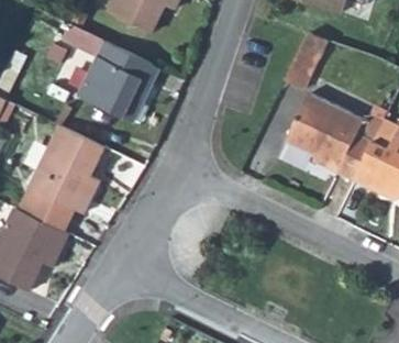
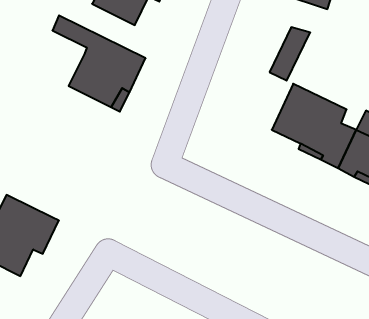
building: [18,126,103,231] -> none

